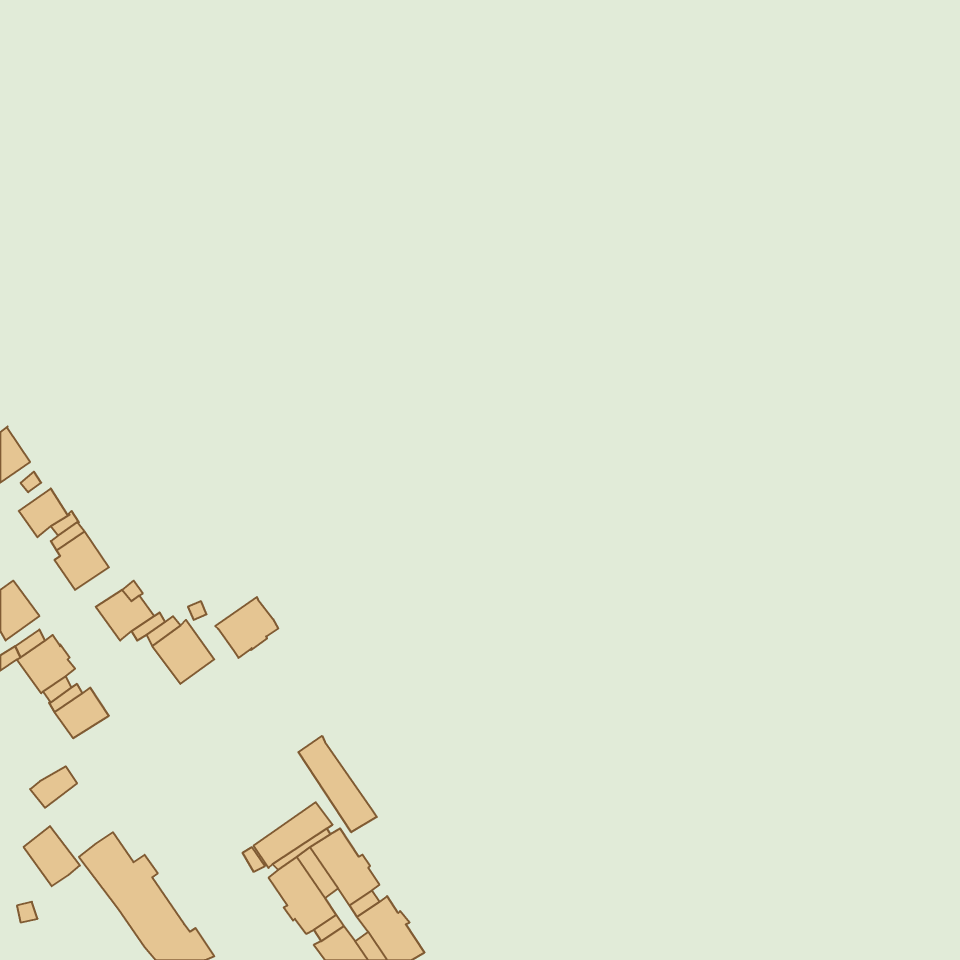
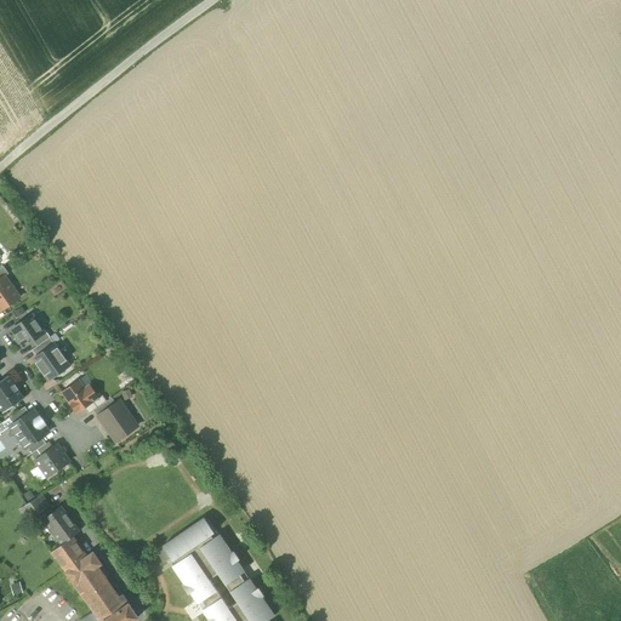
building: [215,597,278,658] -> none
building: [298,736,377,832] -> none
building: [24,826,80,886] -> [44,506,80,545]

